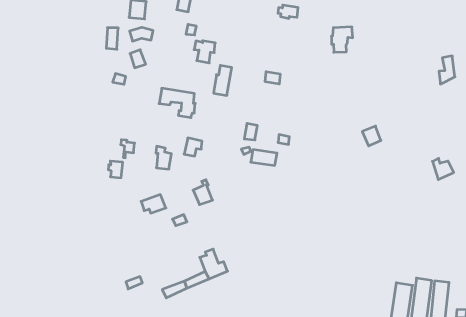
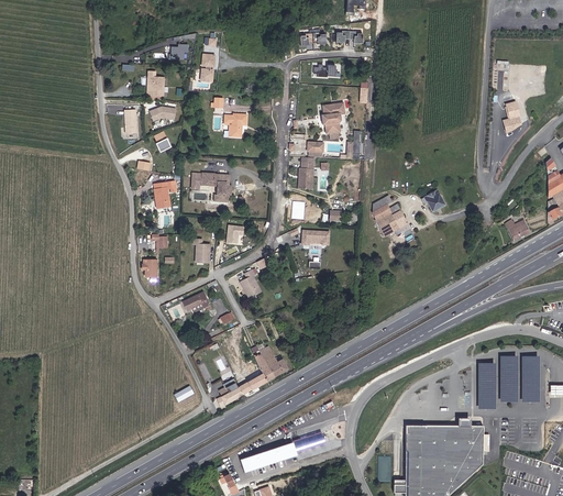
building: [331,27,353,52] -> [322,102,346,133]
building: [214,65,232,95] -> [298,156,316,189]
building: none -> [154,180,178,208]
building: none -> [373,196,409,236]

